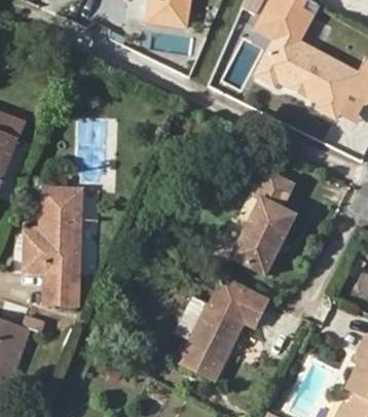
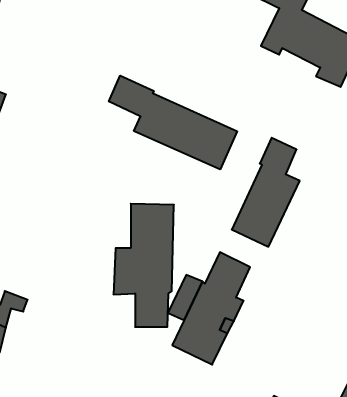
building: none -> [109,76,237,169]
building: [22,190,79,308] -> [113,204,174,327]

